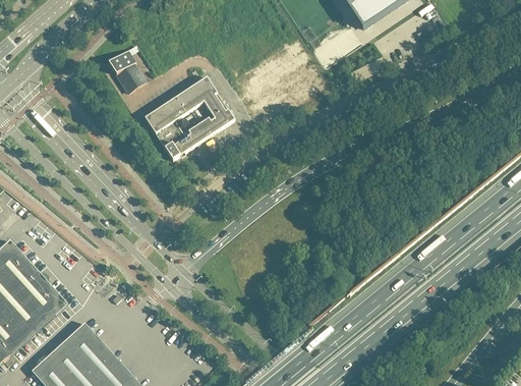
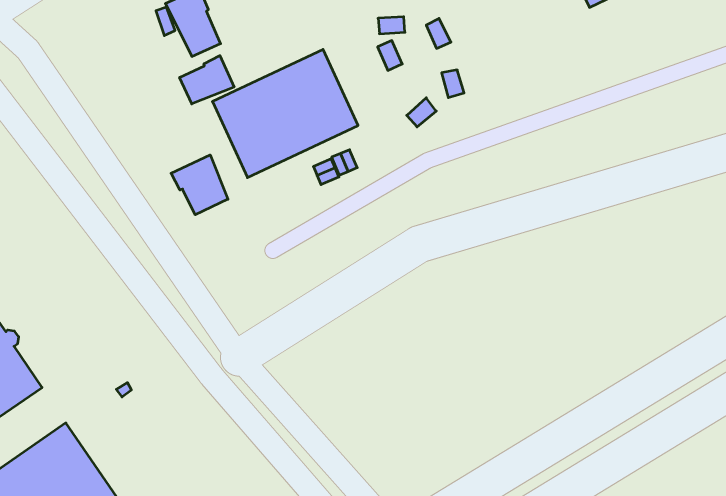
building: none -> [180,56,234,104]
building: none -> [171,155,228,215]

